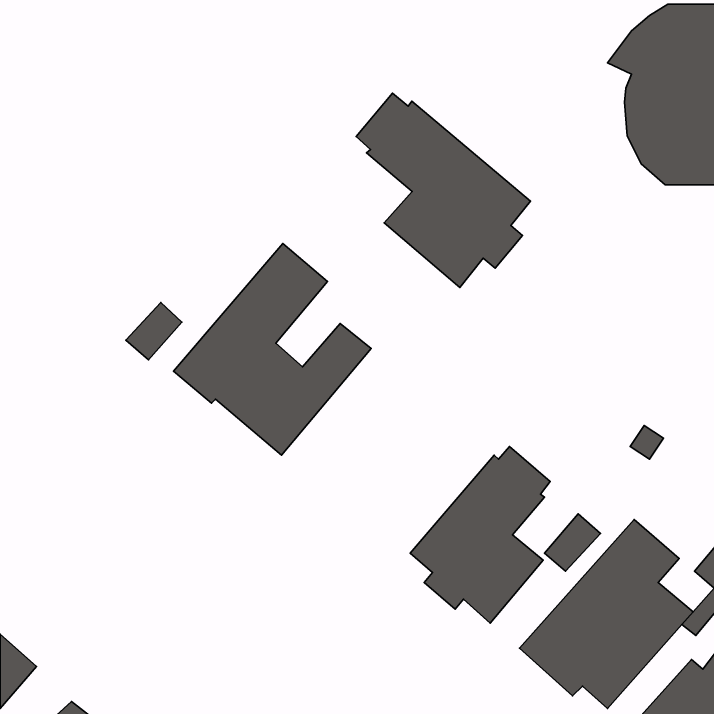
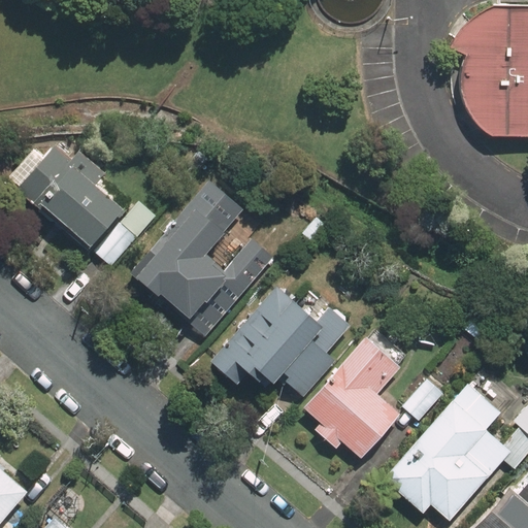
building: [356,93,531,287] -> none
building: none -> [8,145,127,245]
building: none -> [209,286,352,399]

